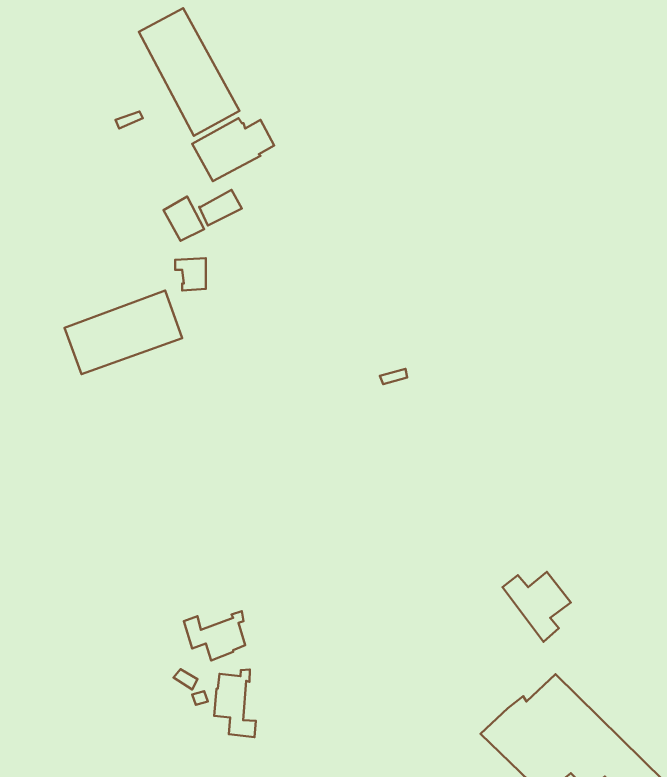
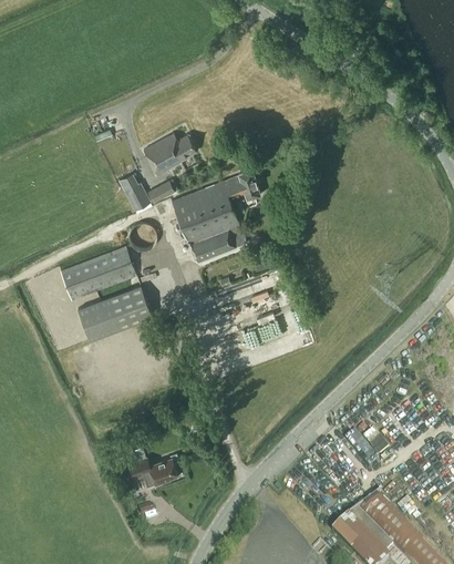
building: [139,8,239,136] -> none
building: none -> [172,168,261,262]
building: none -> [74,284,152,341]
building: [214,670,256,737] -> none

